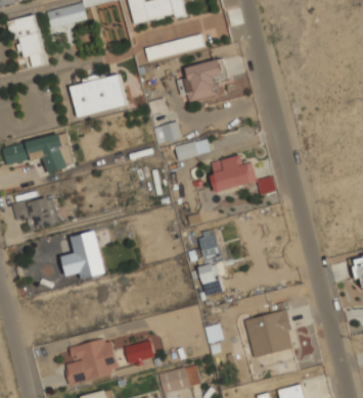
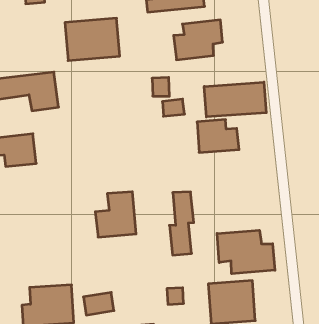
building: none -> [204,82,266,117]
building: [61,231,104,280] -> [95,192,136,237]
building: none -> [217,230,275,274]

